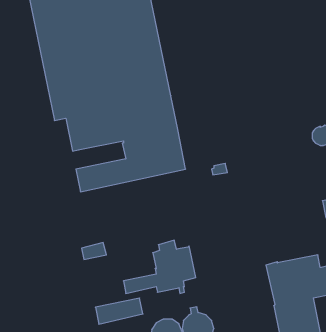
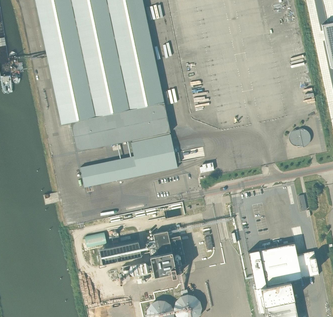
building: [95,298,143,324] -> [99,241,141,264]

